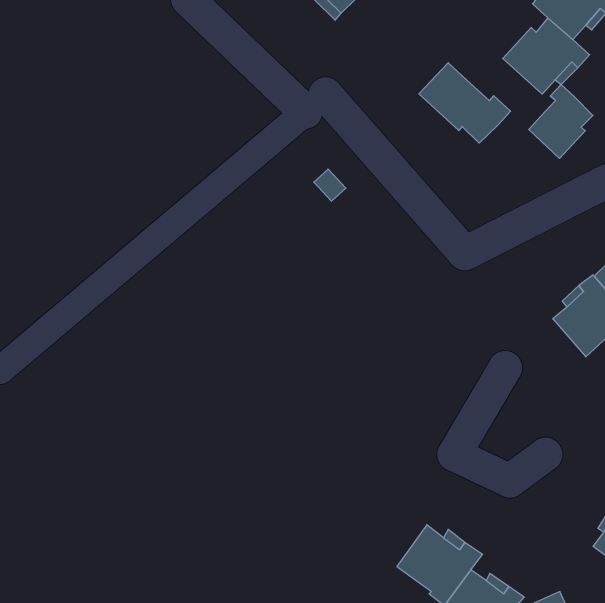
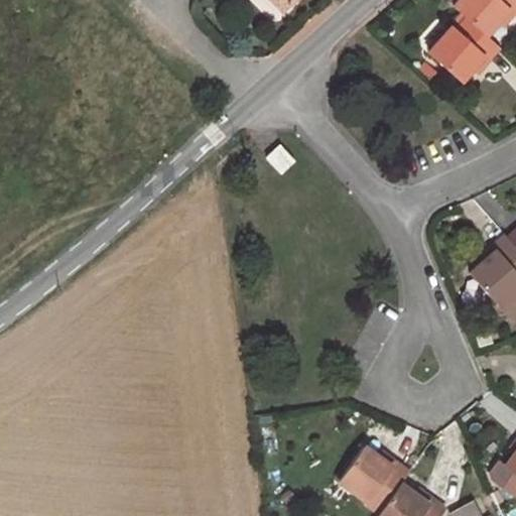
building: [419,63,511,143] -> none
building: [529,85,593,158] -> none

